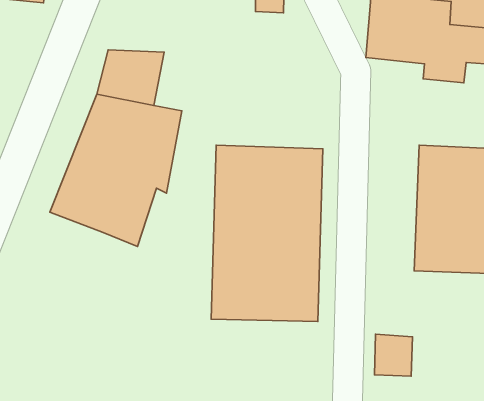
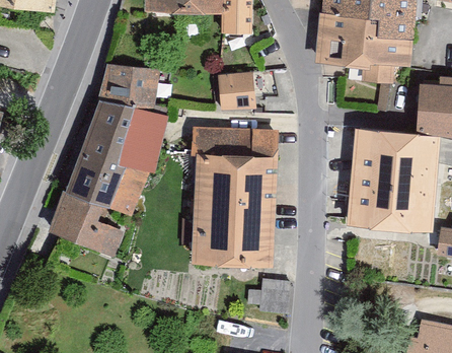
building: none -> [211,71,255,113]
building: none -> [47,185,123,252]
building: [374,334,412,376] -> [259,273,290,306]

